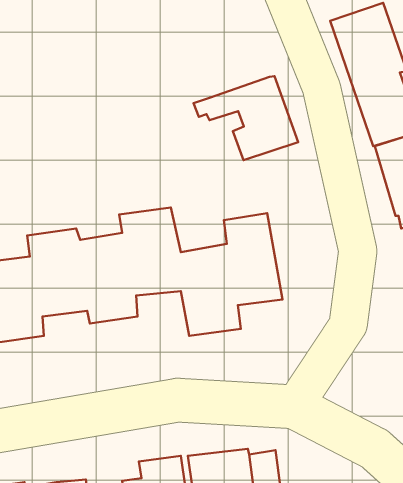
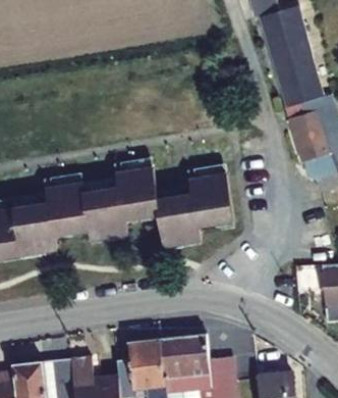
building: [194,76,298,160] -> none

